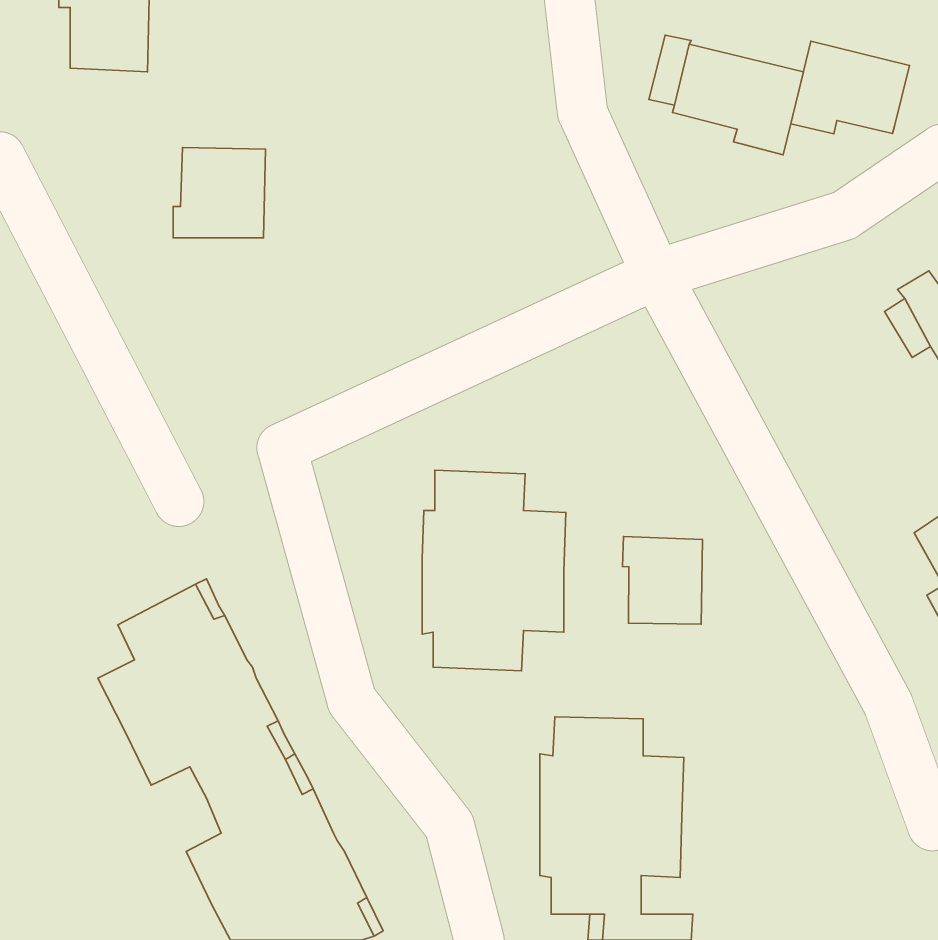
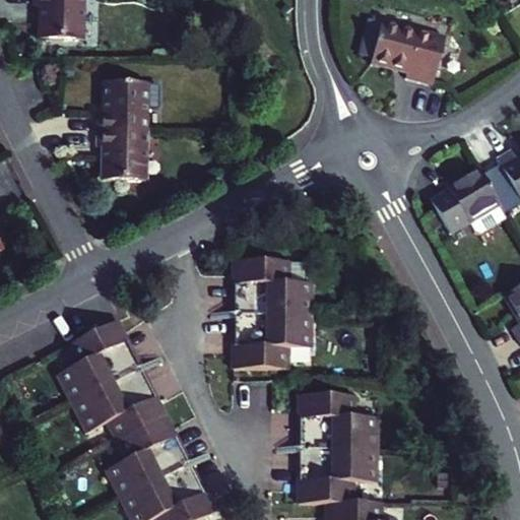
building: [791,41,909,134] -> none
building: none -> [98,131,147,179]
building: none -> [437,169,502,226]
building: [623,536,703,624] -> none

